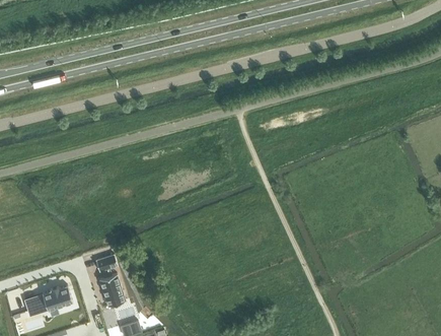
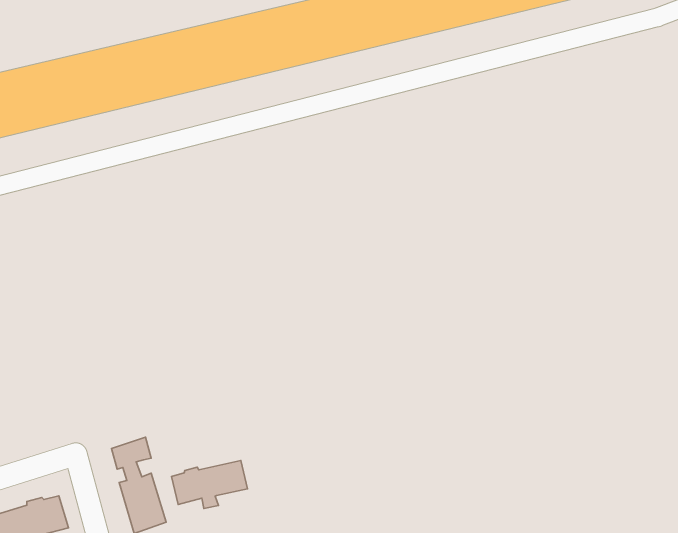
building: none -> [172,461,247,508]

